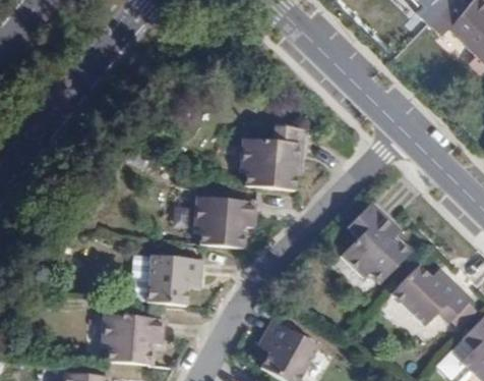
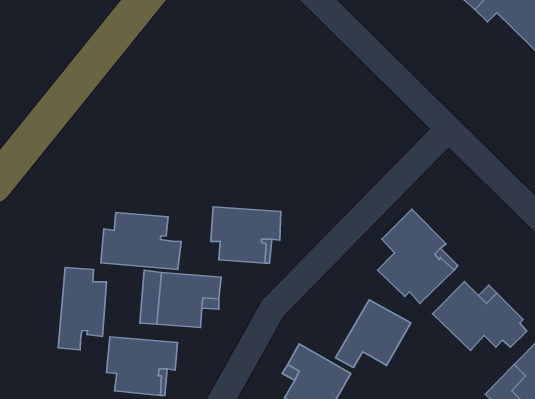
building: [240,125,305,189] -> none
building: none -> [101,213,181,269]
building: none -> [58,267,107,350]
building: none -> [336,300,411,367]

